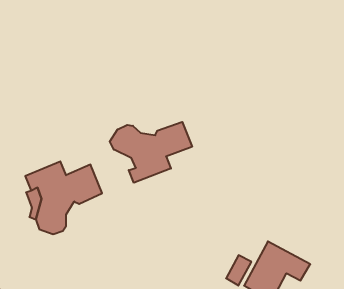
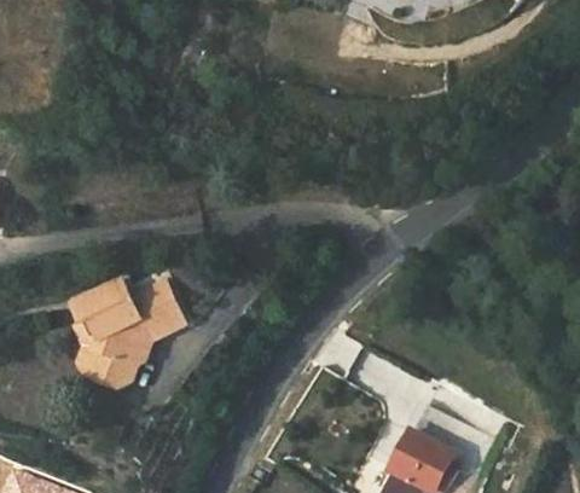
building: [110,122,192,183] -> none

